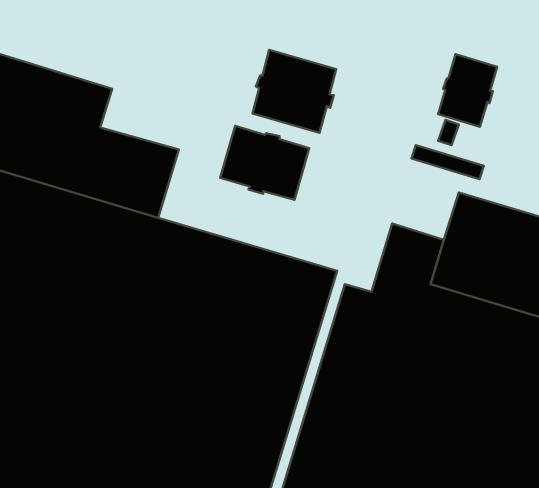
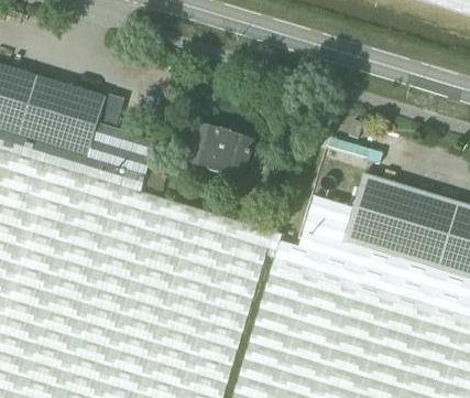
building: [252,50,336,133] -> none
building: [438,54,497,127] -> none

